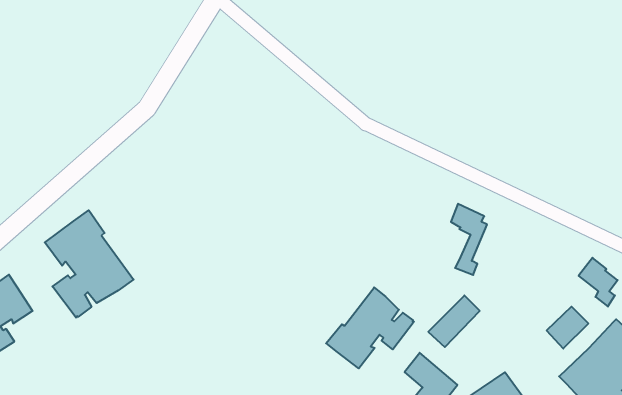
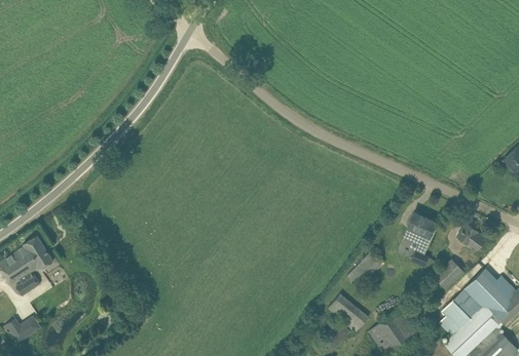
building: [451,204,487,275] -> [408,213,435,266]
building: [45,210,134,318] -> none
building: [326,287,414,368] -> none

